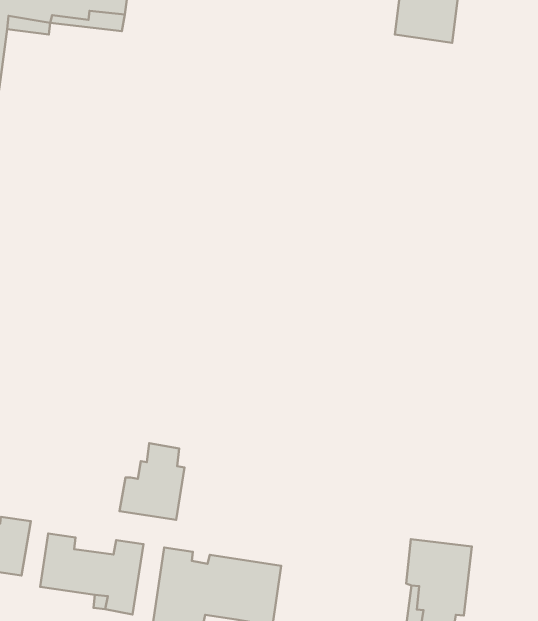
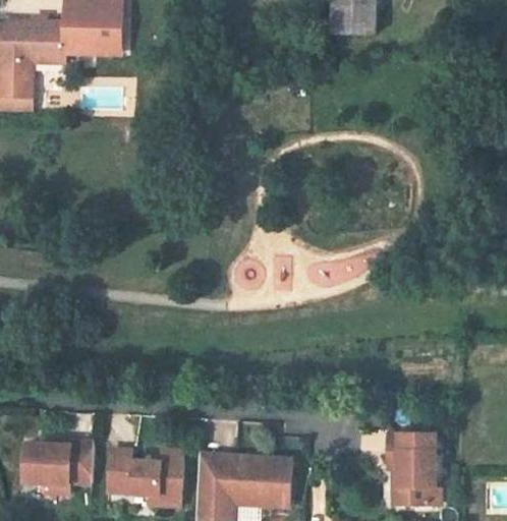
building: [119,443,184,520] -> none

